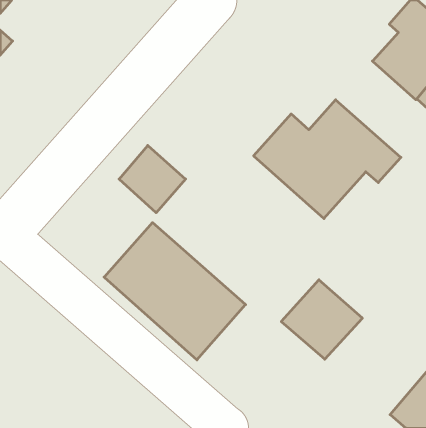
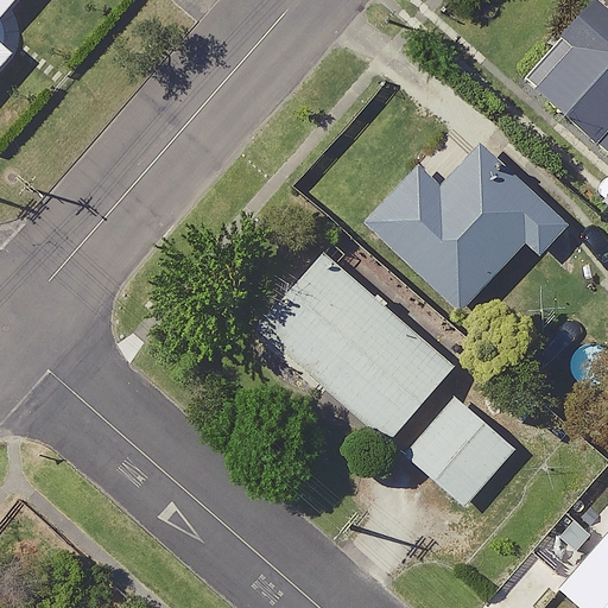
building: [119,145,186,213] -> none
building: [104,223,246,360] -> [254,251,455,445]

